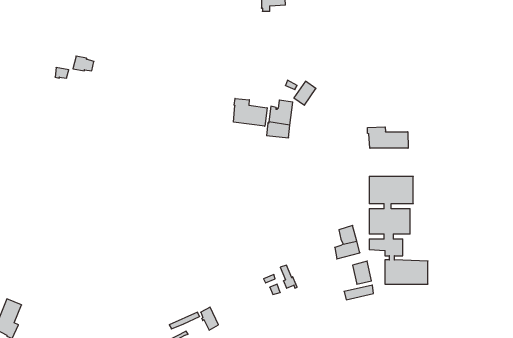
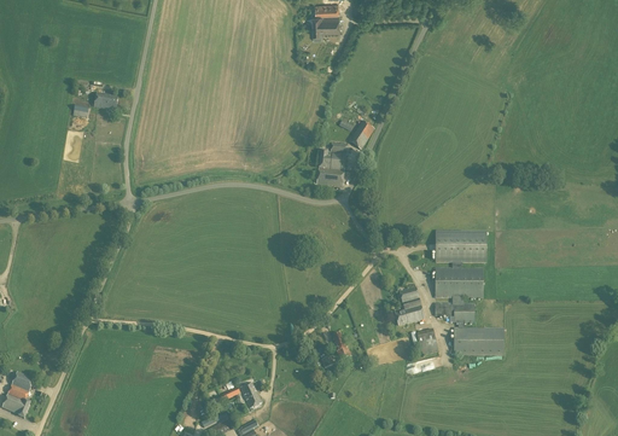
building: [234,98,267,126] -> none
building: [368,127,408,148] -> none

